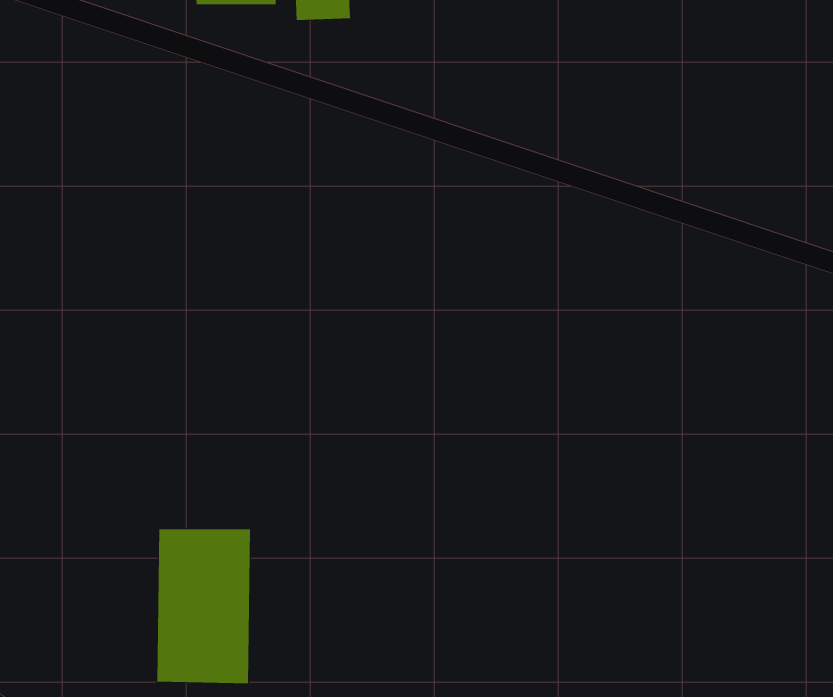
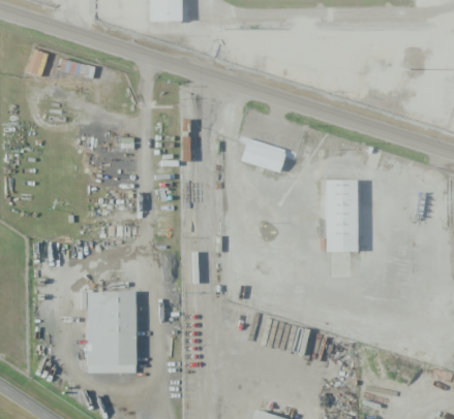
building: none -> [245,143,291,174]
building: none -> [333,184,360,254]

